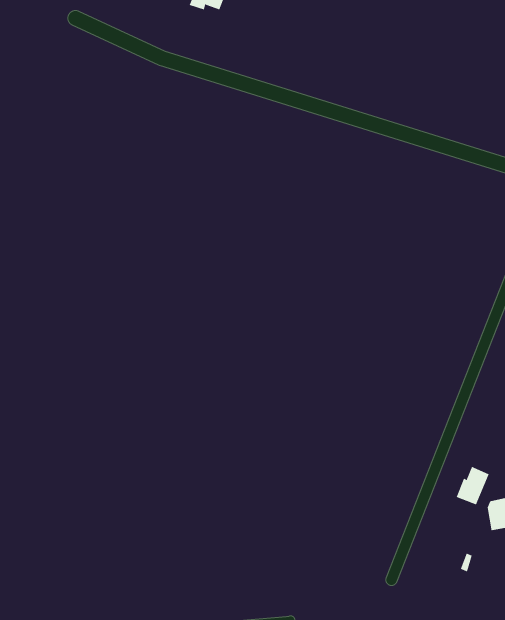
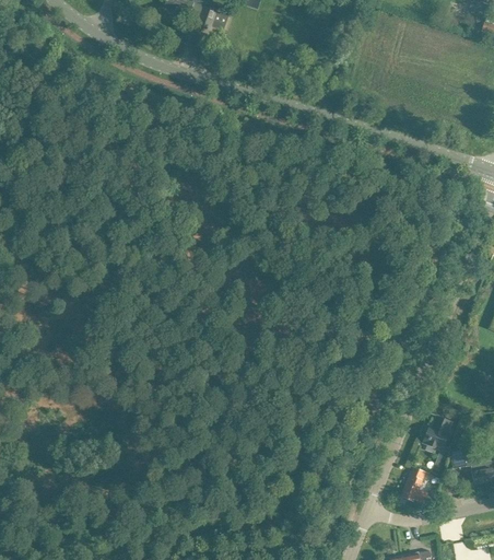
building: none -> [403,466,430,501]

